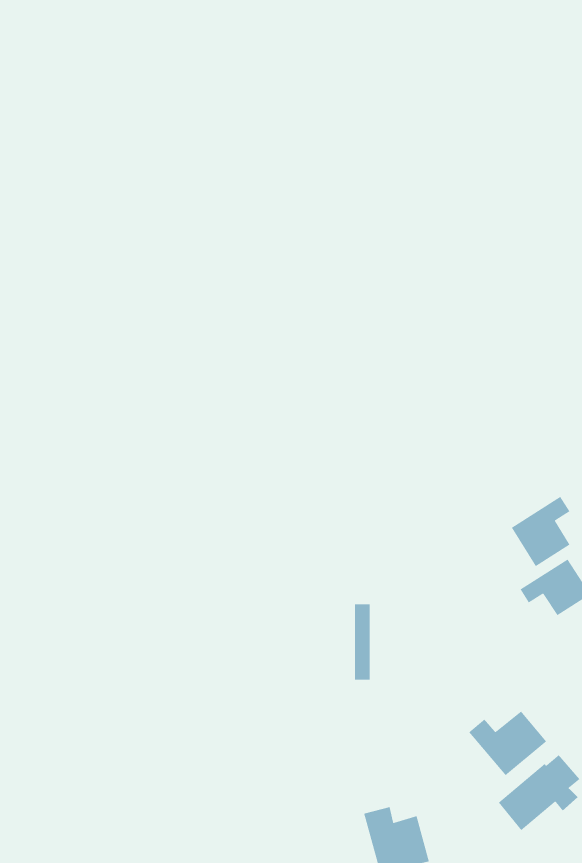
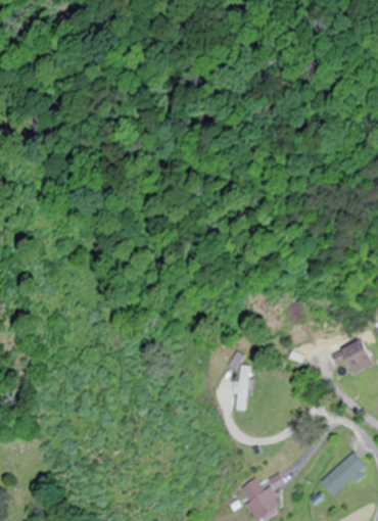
building: [511,496,571,567] -> none
building: [468,711,547,776] -> none

